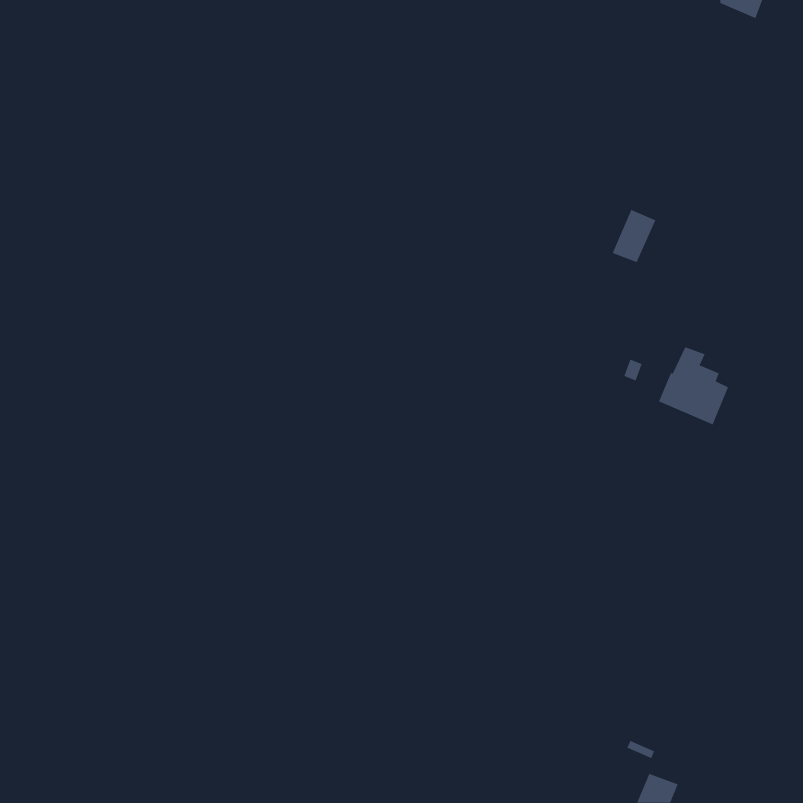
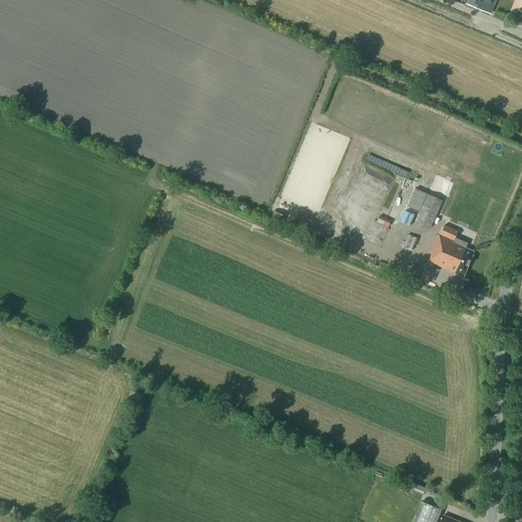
building: [612,209,656,263] -> [413,193,441,227]

